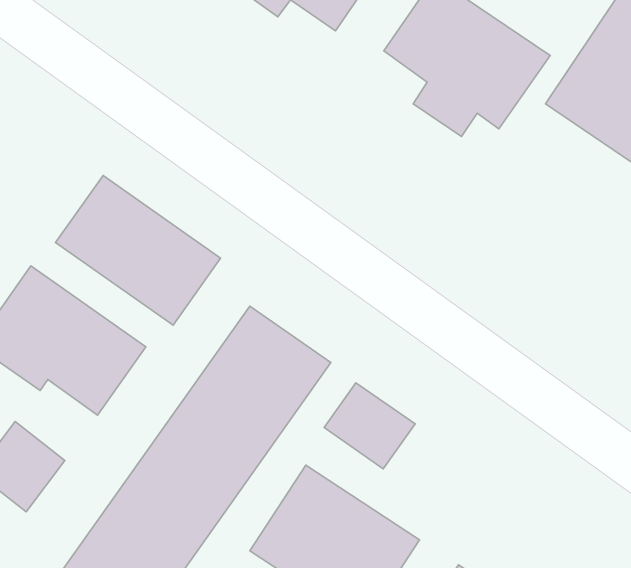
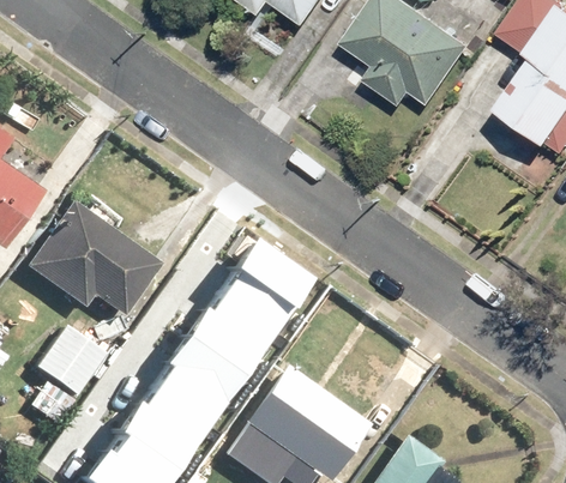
building: [56,175,221,325] -> none
building: [324,383,415,469] -> none

